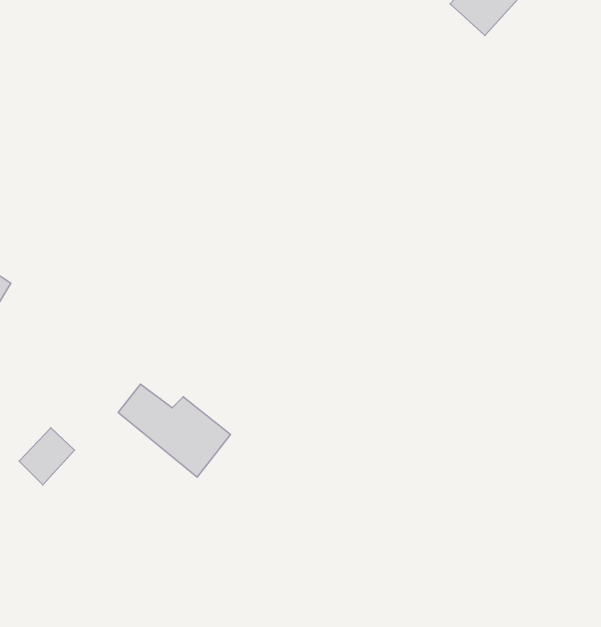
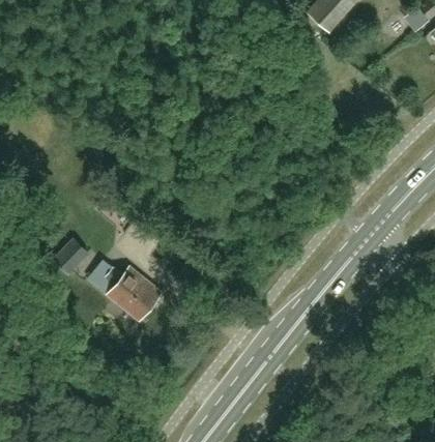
building: [19,428,74,485] -> [53,238,89,275]

